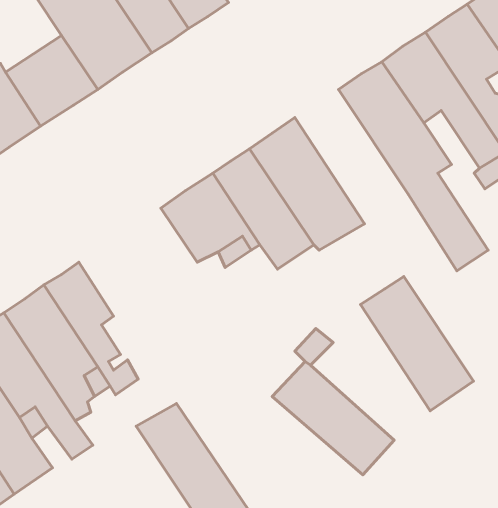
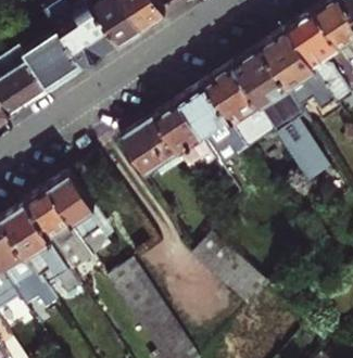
building: [360,276,474,411] -> [206,64,277,148]

